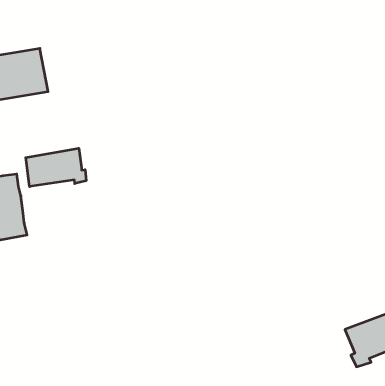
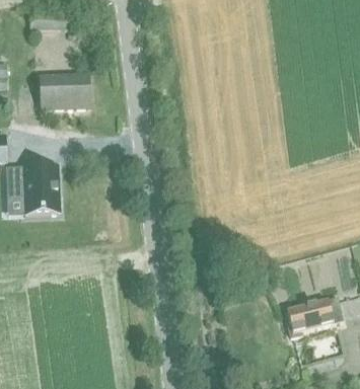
building: [26,148,86,187] -> none

